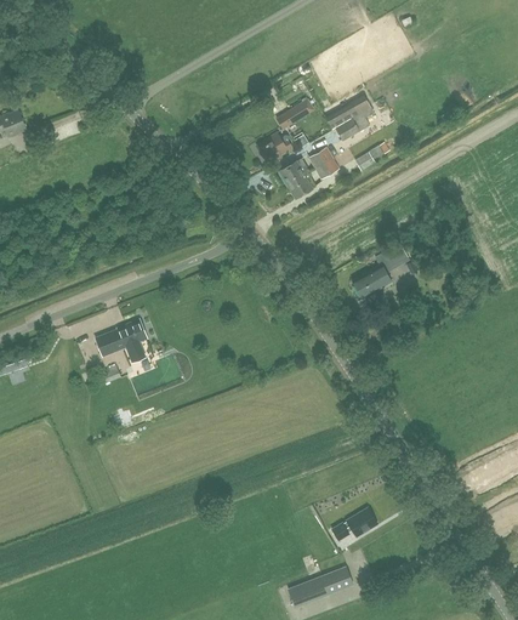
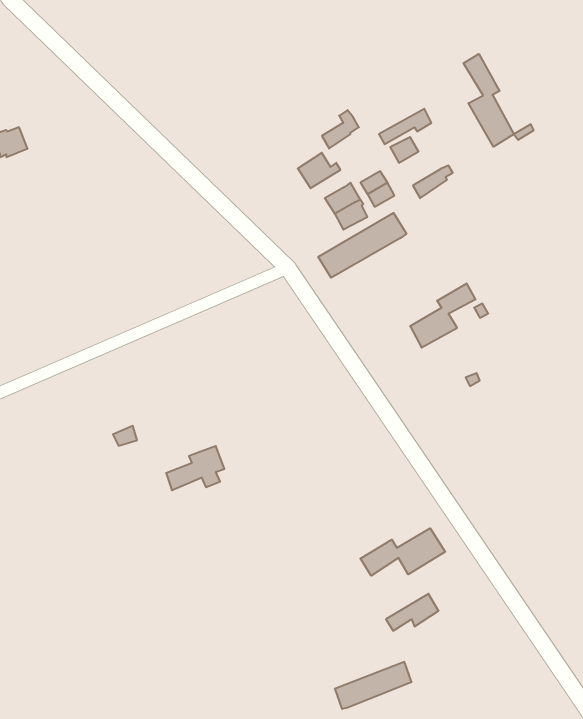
building: none -> [464,54,514,147]
building: none -> [318,213,406,278]
building: [97,319,147,357] -> [166,446,224,490]
building: none -> [360,528,445,576]

